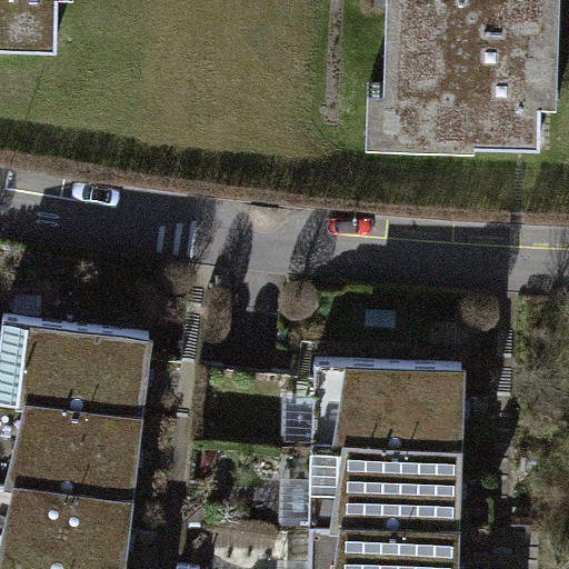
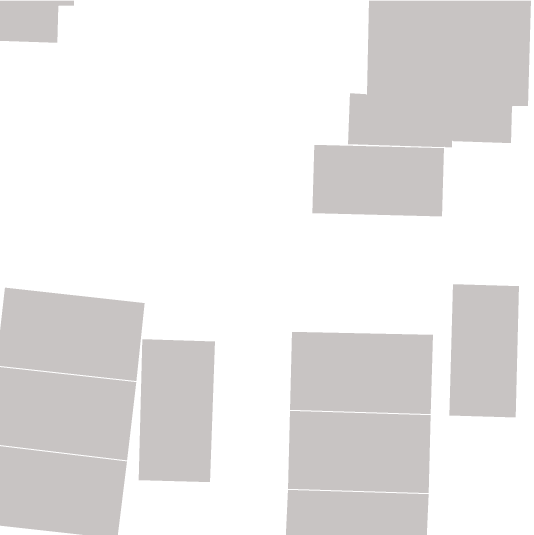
building: none -> [312,144,445,217]
building: none -> [449,284,520,418]
building: none -> [138,339,215,483]

